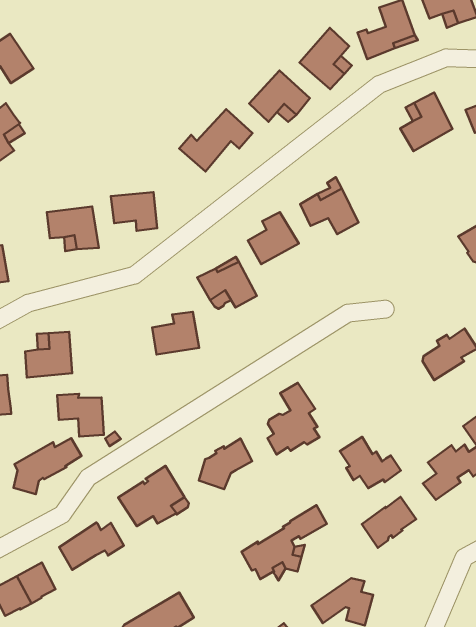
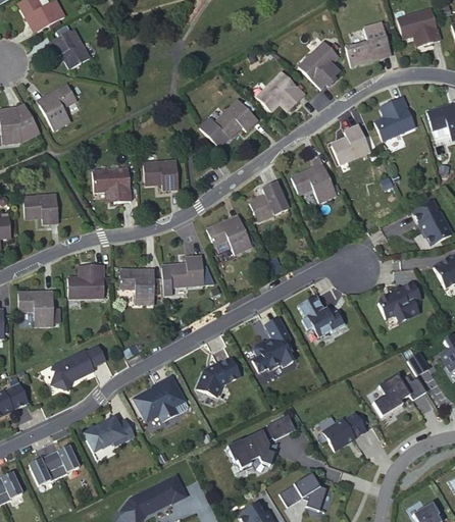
building: none -> [331,125,369,165]
building: [57,394,104,437] -> [119,269,154,303]
building: [340,437,401,488] -> [299,296,346,336]

